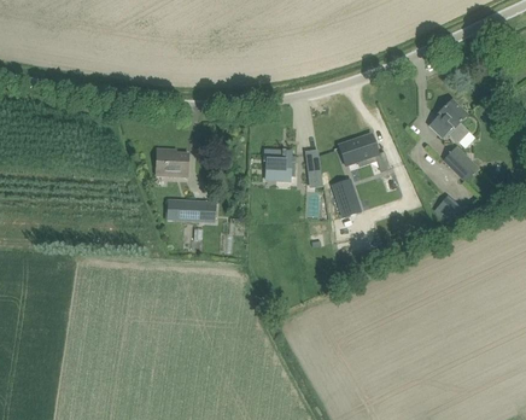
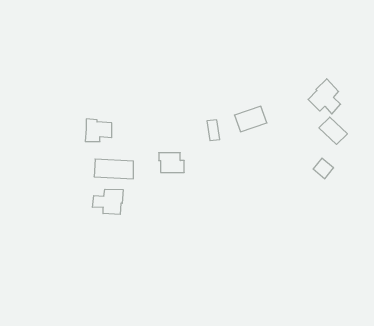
building: [263,150,294,174] -> [159,153,184,172]
building: [331,179,361,217] -> none
building: none -> [92,189,123,214]

